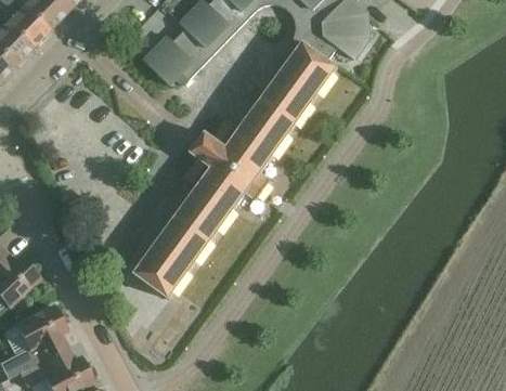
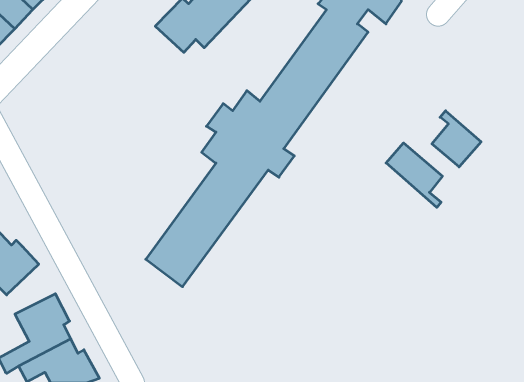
building: none -> [432,111,481,167]
building: none -> [386,143,442,207]

